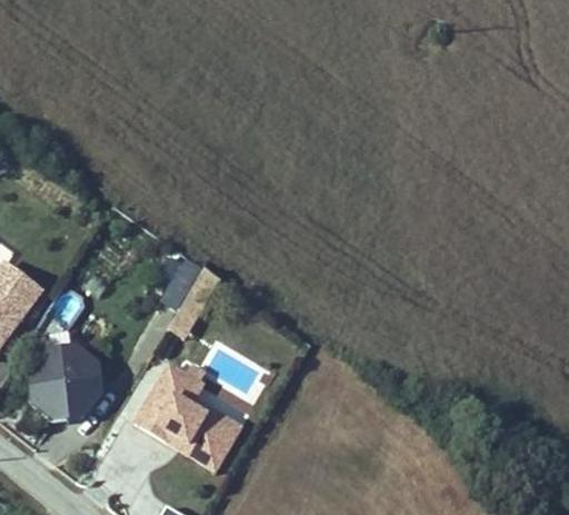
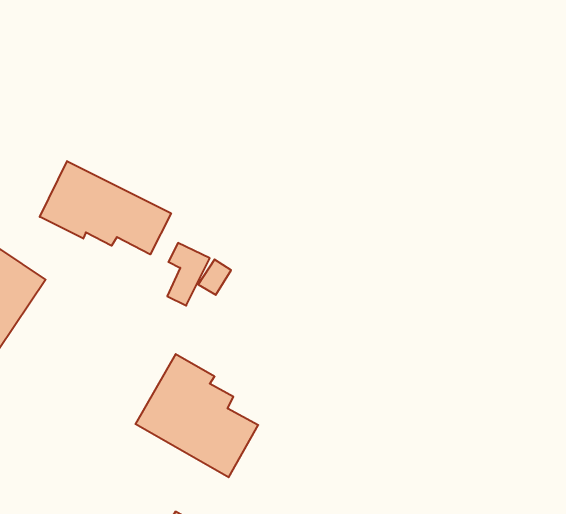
building: none -> [40,161,171,254]
building: [29,333,103,424] -> none

